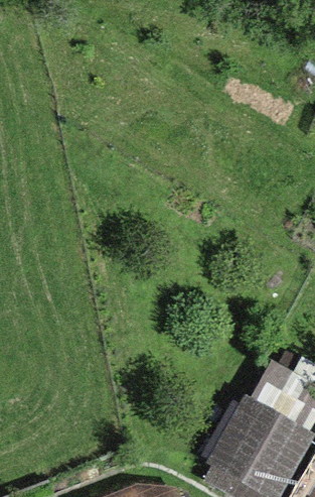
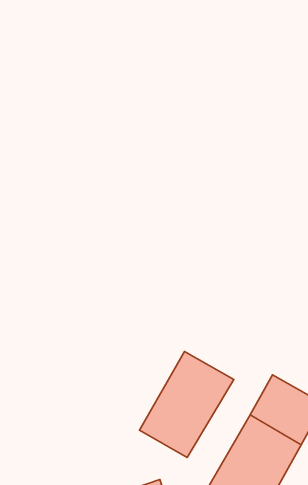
building: none -> [139,352,234,458]

